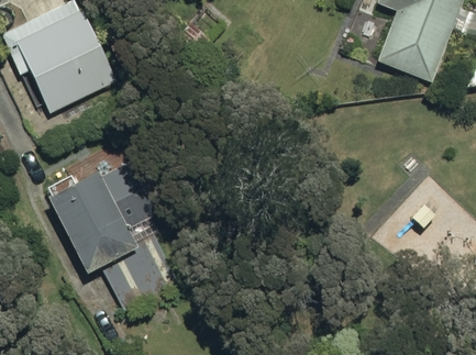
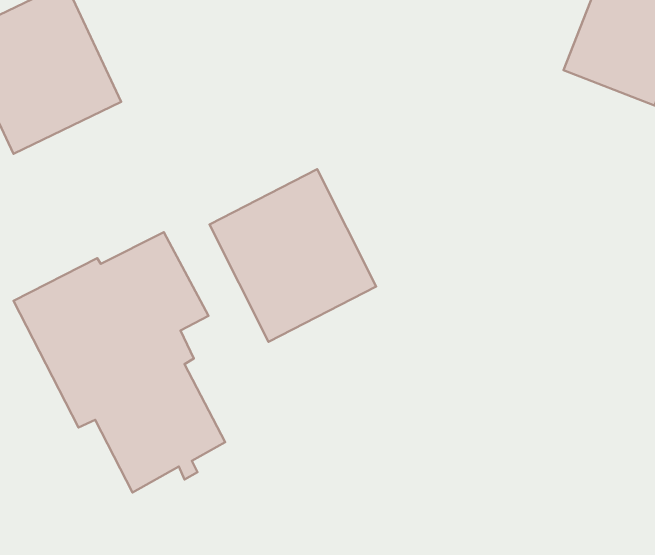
building: none -> [209,169,376,342]

